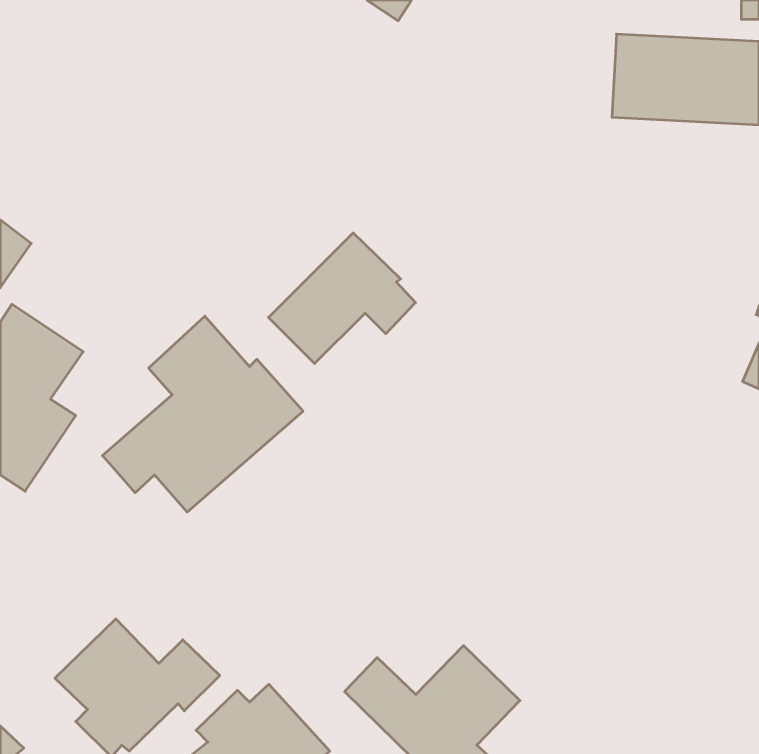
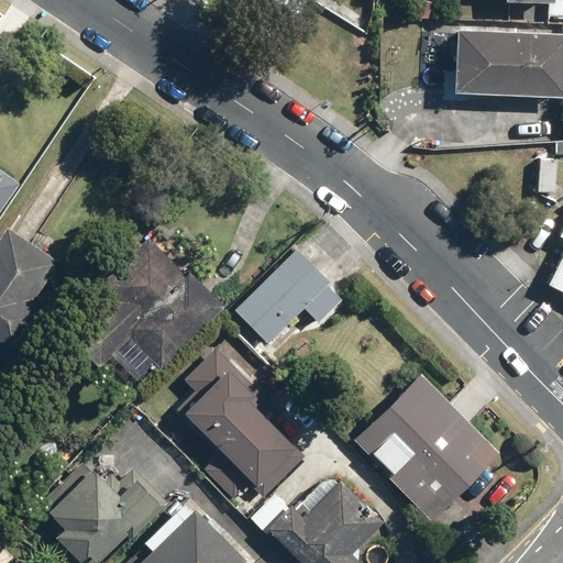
building: [268,233,416,364] -> [234,250,343,346]
building: none -> [173,352,297,485]
building: none -> [351,375,497,520]

